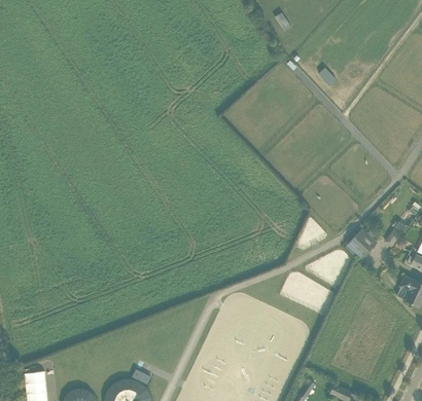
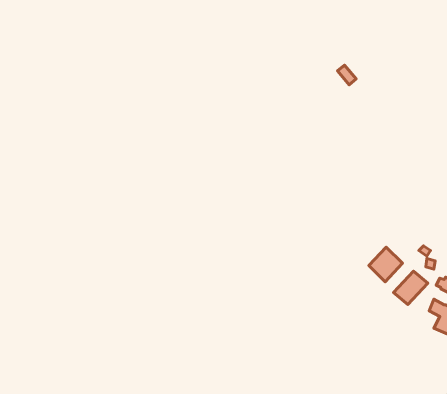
building: none -> [393,271,428,305]

